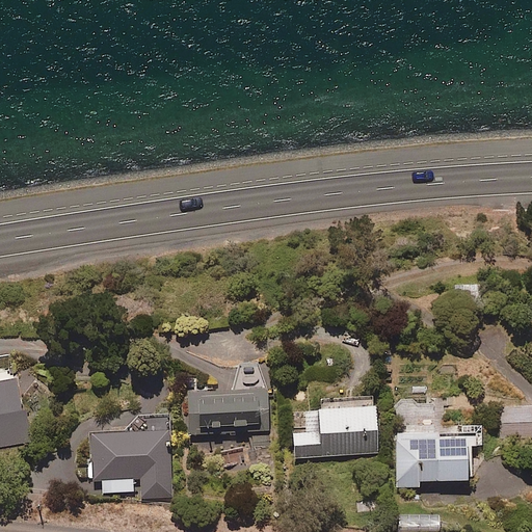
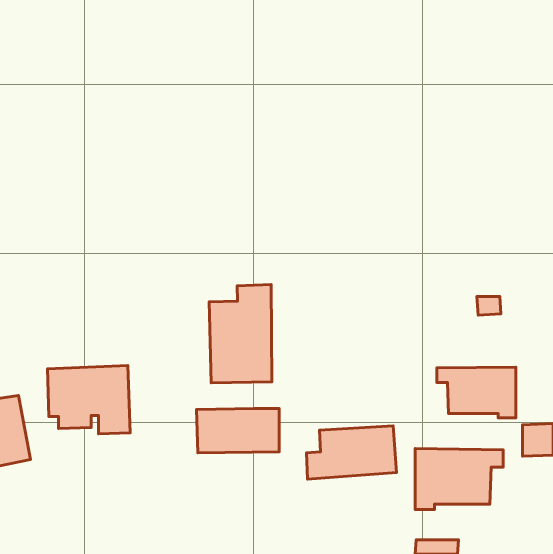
building: none -> [209,284,272,383]
building: none -> [437,367,516,418]
building: [91,432,170,498] -> [48,365,130,434]

